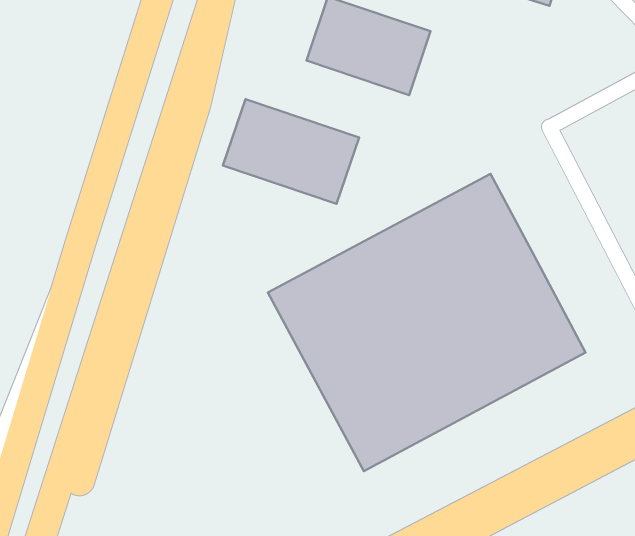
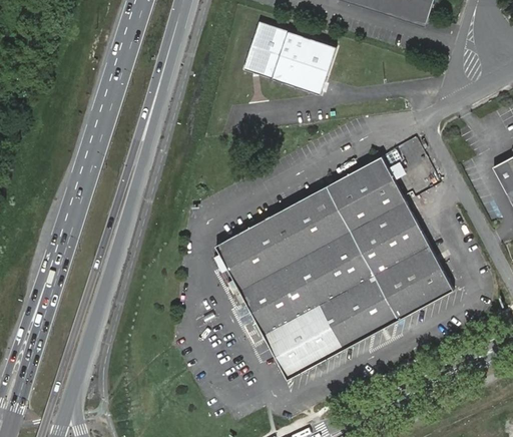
building: [223,99,359,204] -> none

